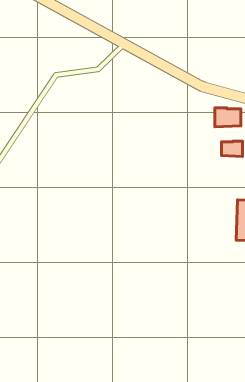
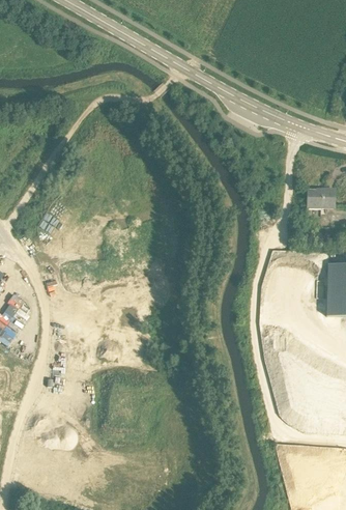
building: [215,108,241,127] -> none

